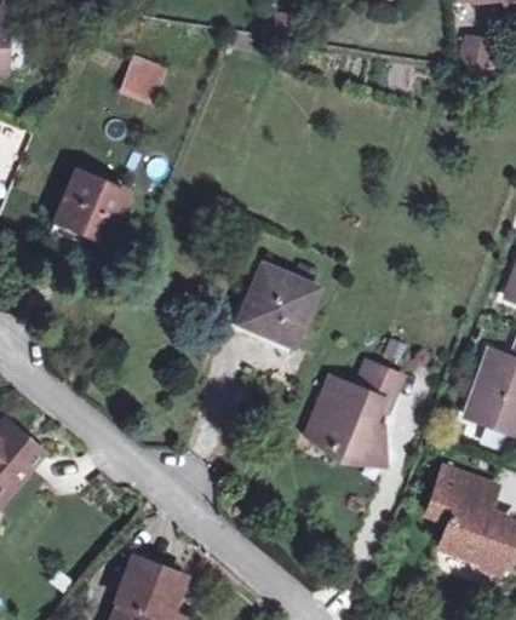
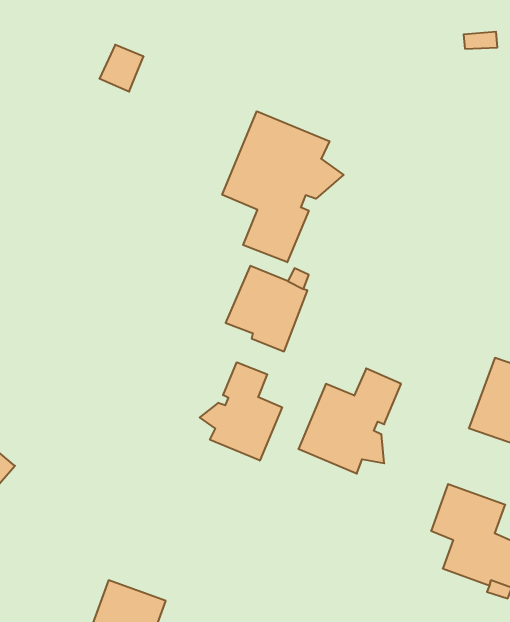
building: none -> [222,111,344,262]
building: [57,171,126,240] -> none
building: none -> [200,362,282,461]

